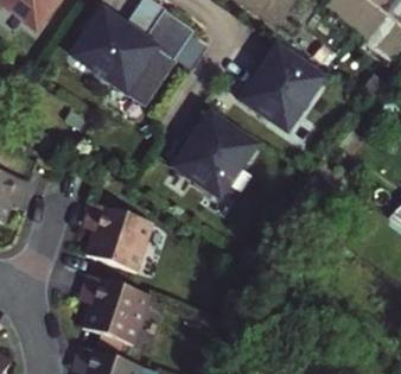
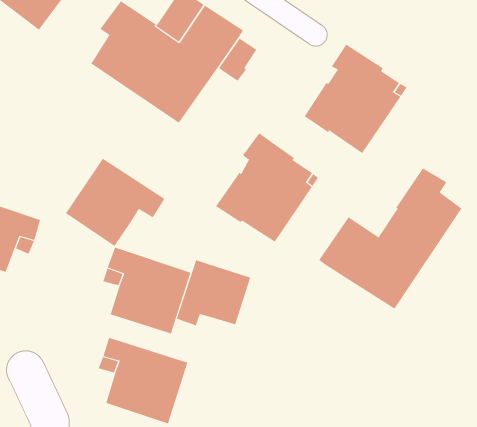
building: none -> [65,158,165,247]
building: none -> [318,167,462,309]
building: none -> [176,260,251,326]

